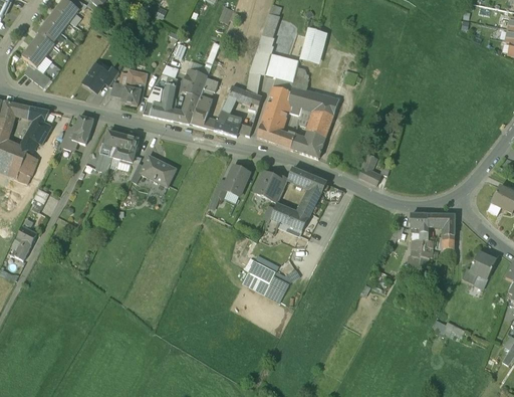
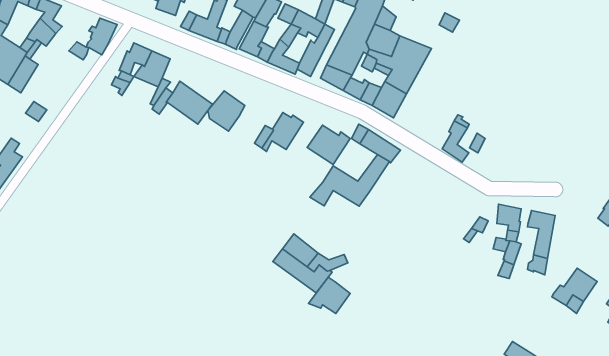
building: none -> [208,91,245,131]
building: none -> [309,277,350,313]

